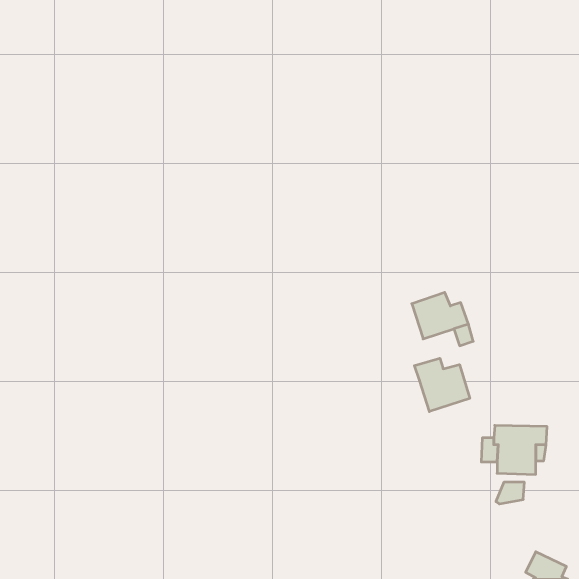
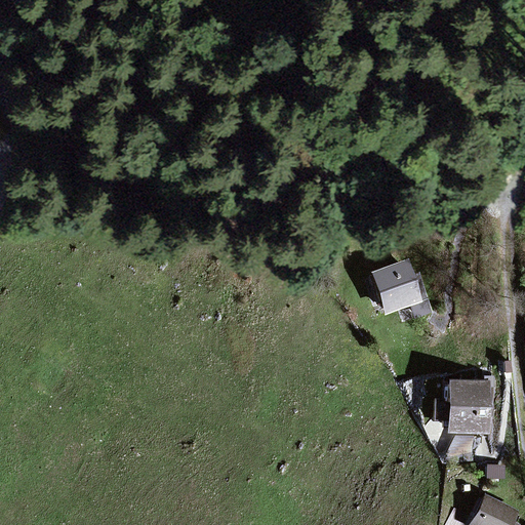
building: [414,358,470,412] -> none

